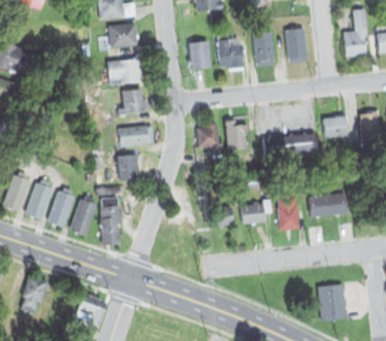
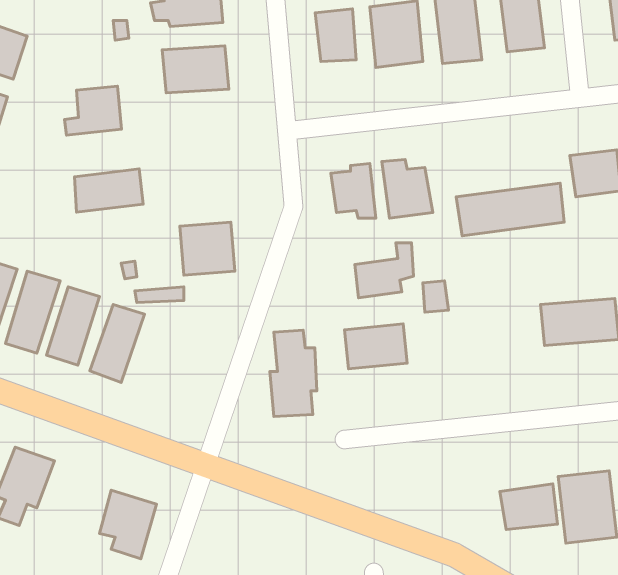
building: [116,90,146,115] -> [65,86,121,135]
building: [118,125,154,147] -> [75,169,143,212]
building: [277,195,300,232] -> none
building: [240,196,271,225] -> [355,243,413,298]
building: [98,197,123,242] -> [270,330,317,416]
building: none -> [500,484,558,529]

